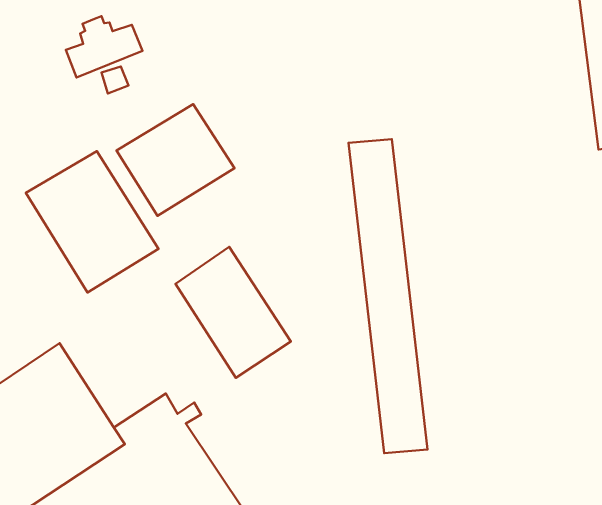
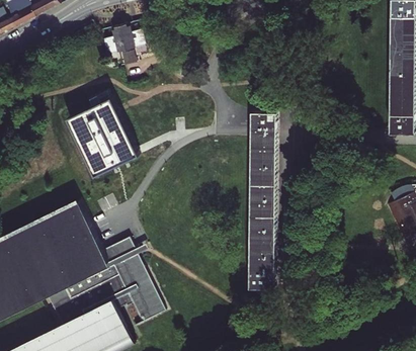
building: [117,104,235,216] -> none
building: [176,247,291,378] -> none

